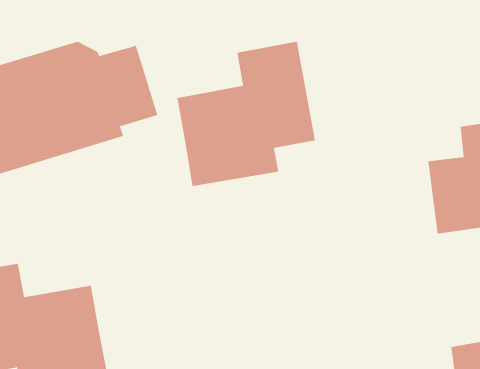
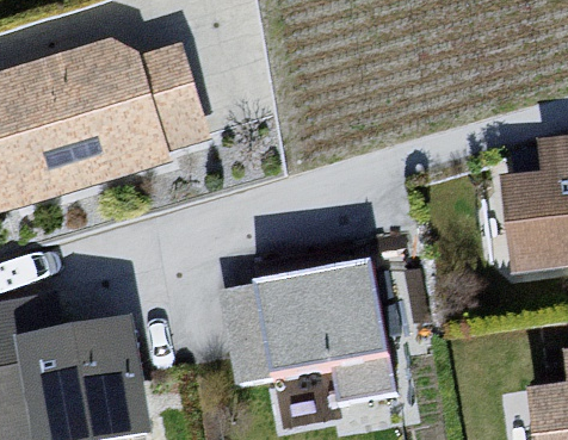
building: [177,41,316,187] -> none
building: none -> [253,262,394,403]

